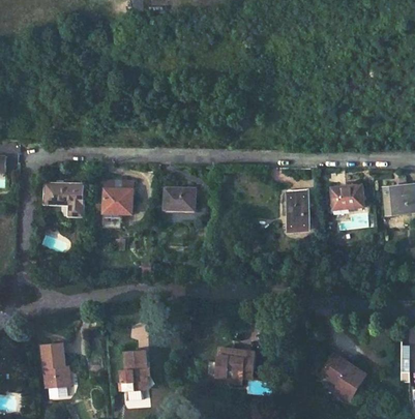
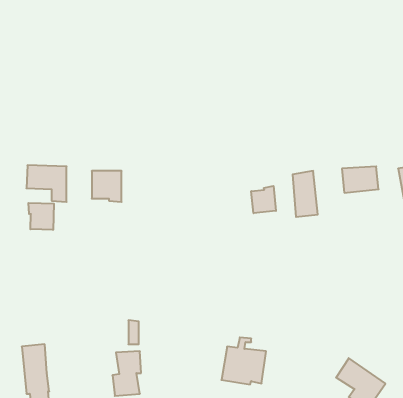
building: [161,188,194,210] -> none
building: none -> [251,186,276,213]
building: none -> [28,203,54,230]

